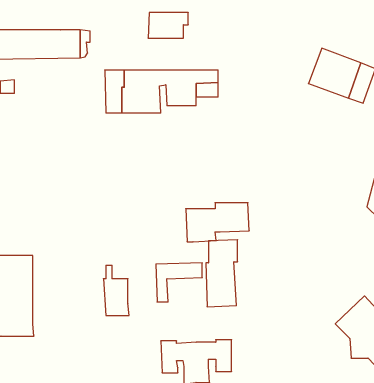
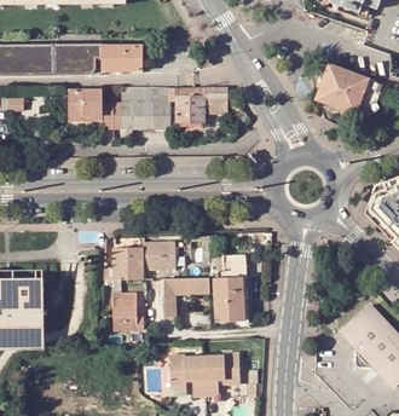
building: [148,13,188,38] -> [103,45,143,70]
building: none -> [69,86,115,128]
building: [186,203,249,242] -> [114,241,177,279]

